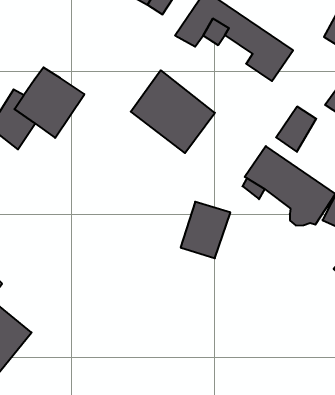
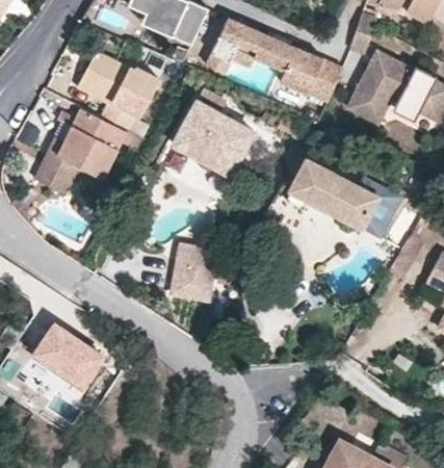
building: none -> [76,52,157,130]
building: [276,107,316,152] -> [304,62,340,106]
building: [181,202,230,258] -> [169,245,213,297]

